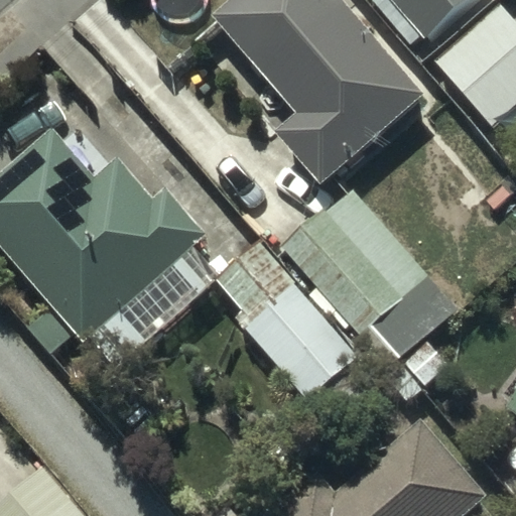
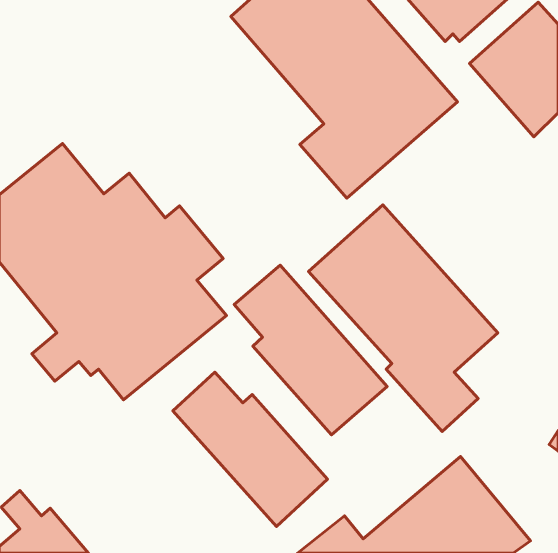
building: none -> [173,372,328,526]

